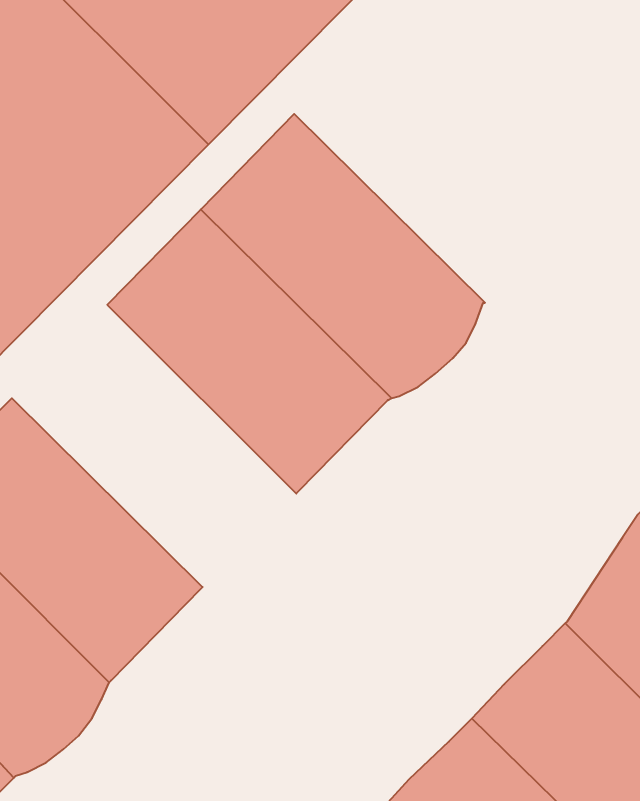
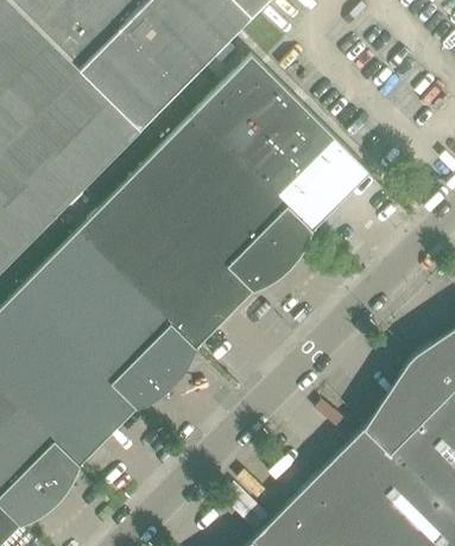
building: none -> [196,53,372,228]
building: none -> [20,229,197,405]

